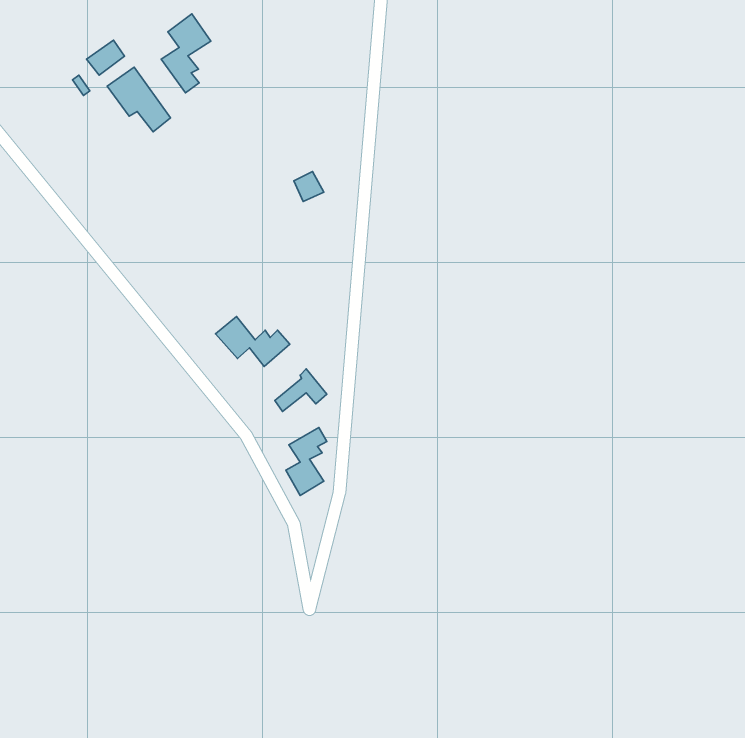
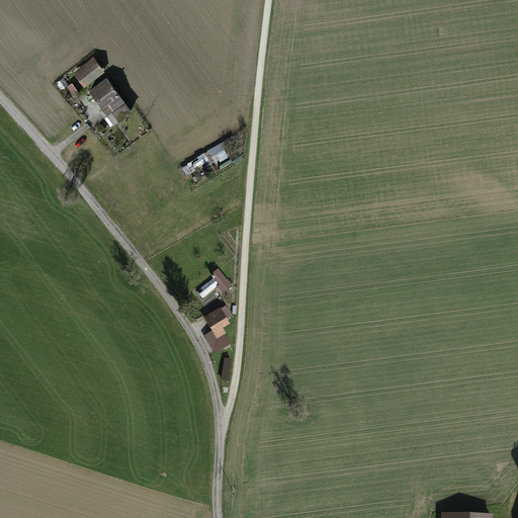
building: [161,14,211,93] -> none
building: [216,316,290,366] -> none

